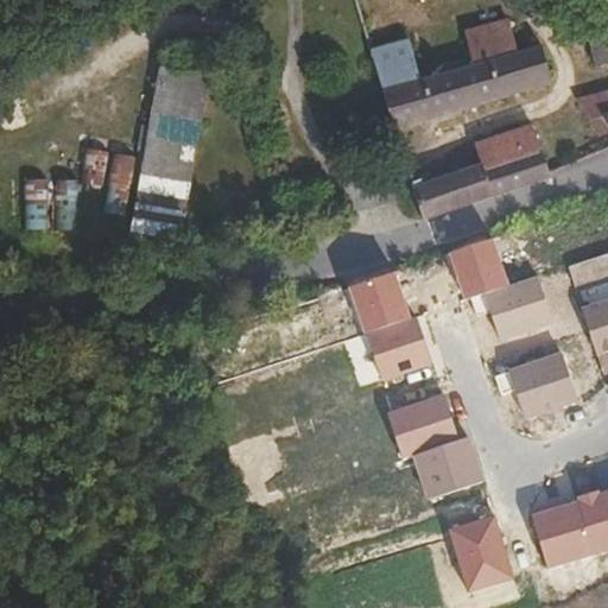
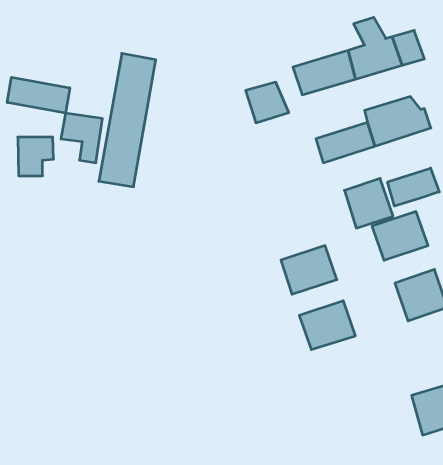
building: [367,38,423,90] -> [246,82,289,123]
building: none -> [7,77,70,113]
building: none -> [388,168,439,206]
building: [349,270,412,334] -> none
building: [412,437,483,500] -> none
building: [452,520,515,584] -> none

